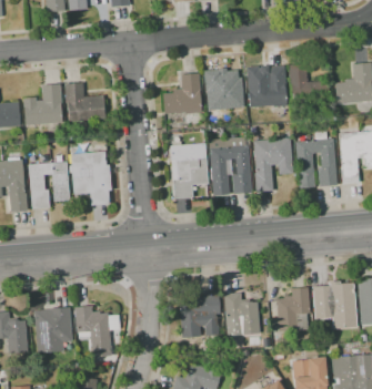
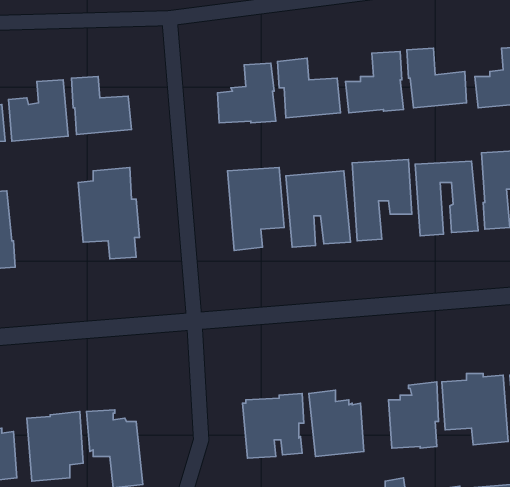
building: [27,161,69,208] -> none

